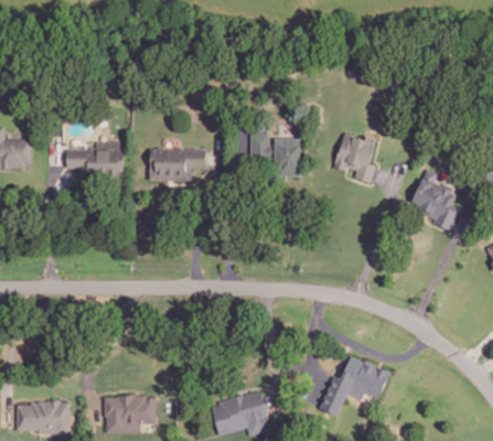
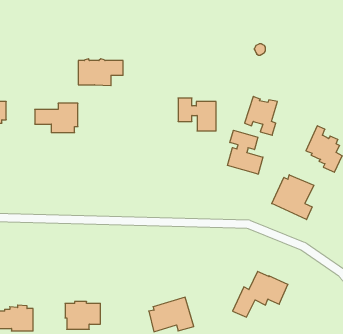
building: [148,147,205,181] -> [78,59,123,86]
building: none -> [227,130,263,174]
building: none -> [272,175,314,220]

